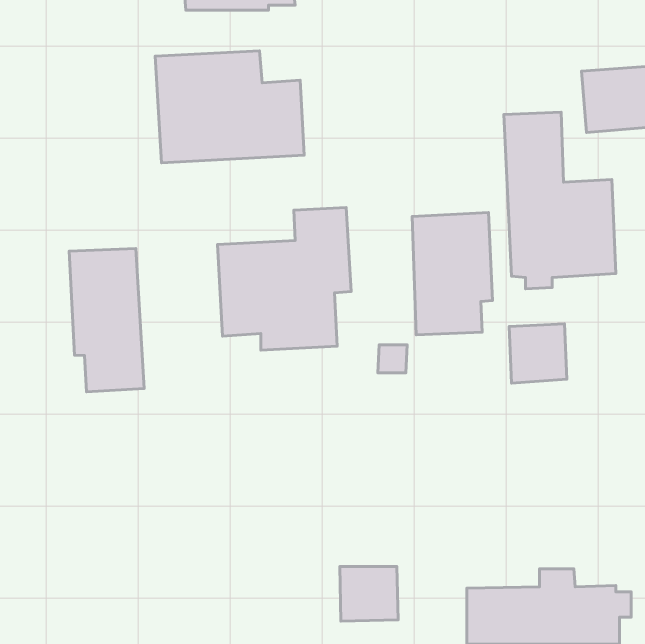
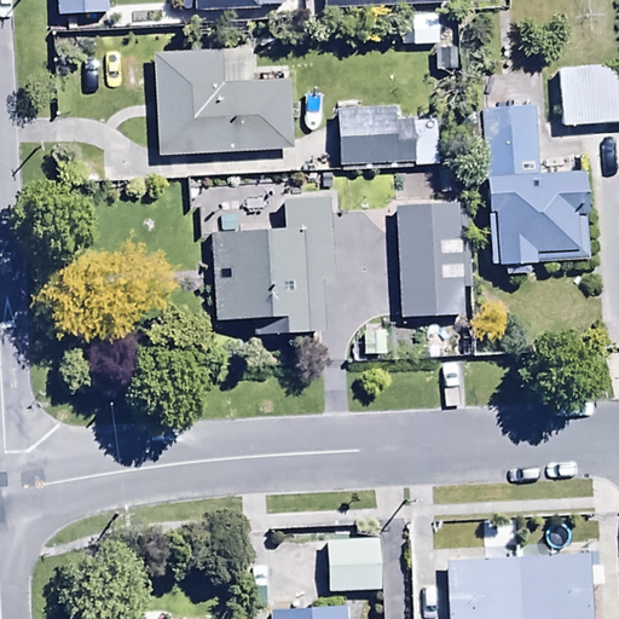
building: none -> [337,105,445,167]
building: [69,249,144,392] -> none
building: [509,324,567,383] -> none

